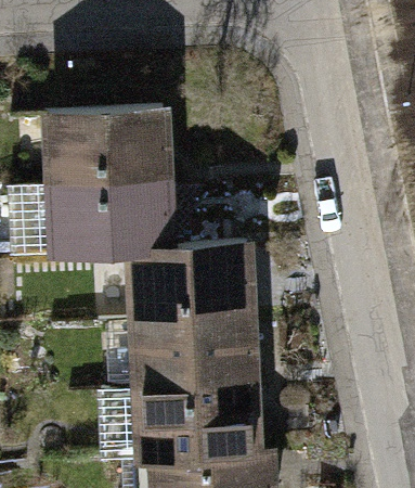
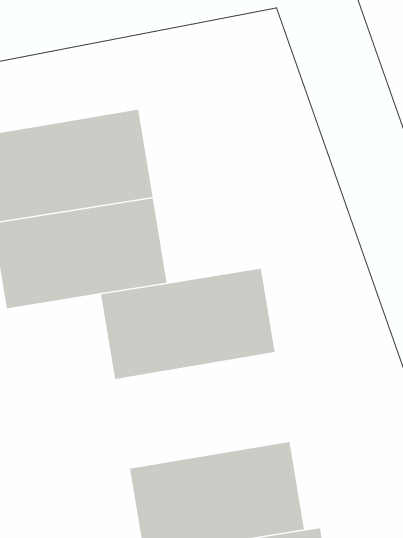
building: [122,318,257,395] -> none

